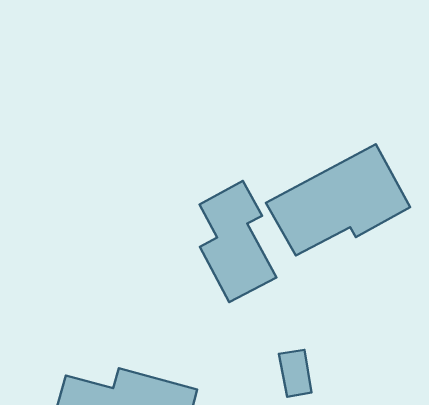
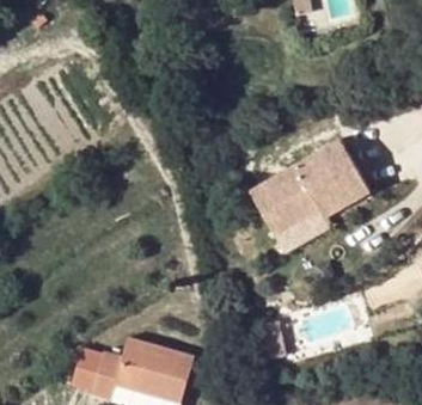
building: [200,181,276,302] -> none

